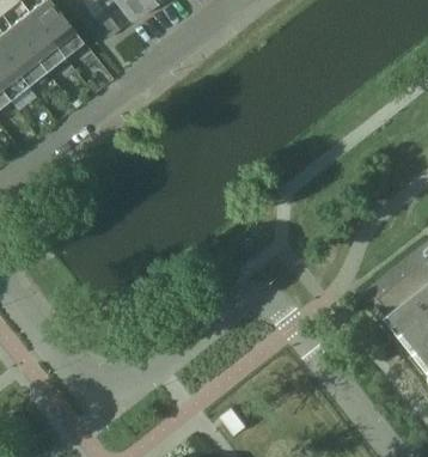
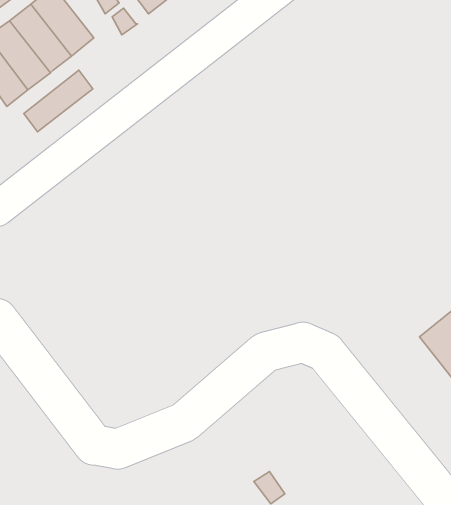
building: none -> [24,70,93,132]

